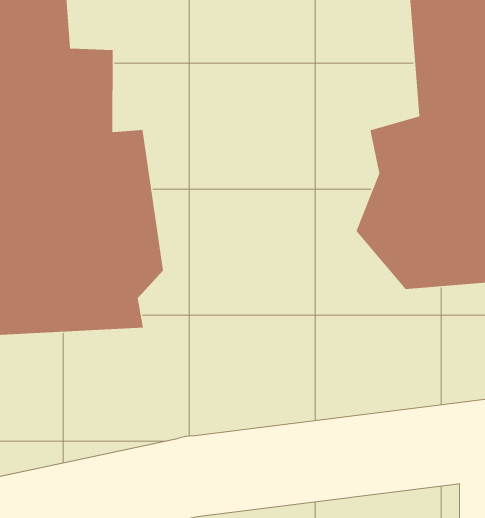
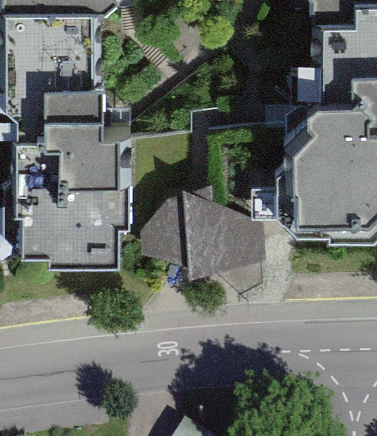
building: none -> [145,186,276,271]

